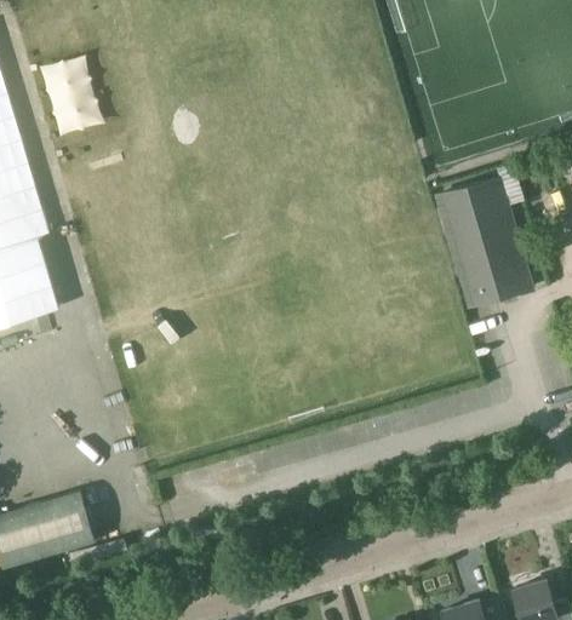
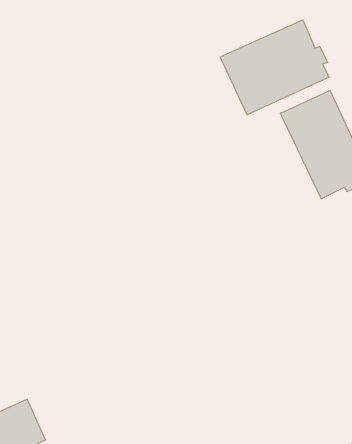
building: none -> [220,20,329,115]

